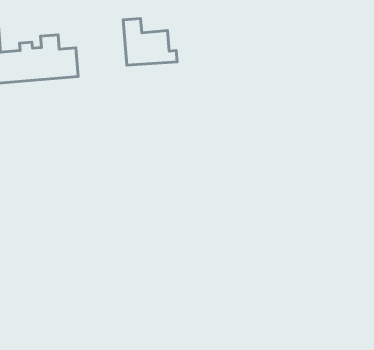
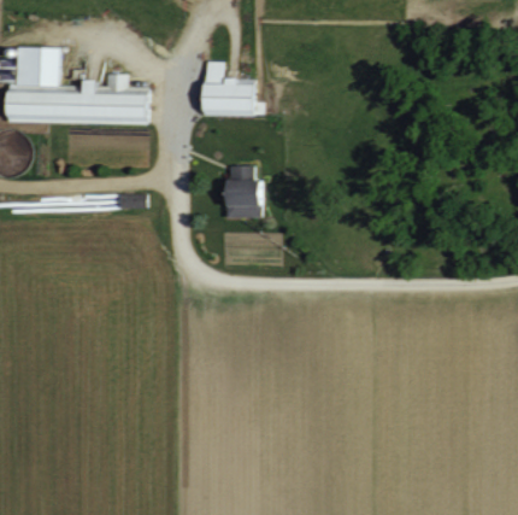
building: none -> [225,166,263,218]

